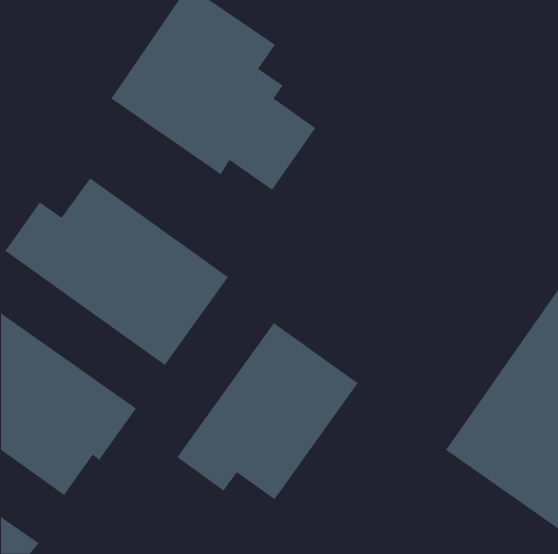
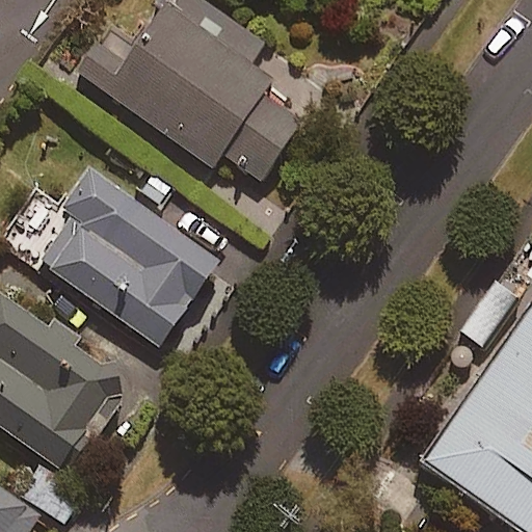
building: [177,322,358,500] -> none

